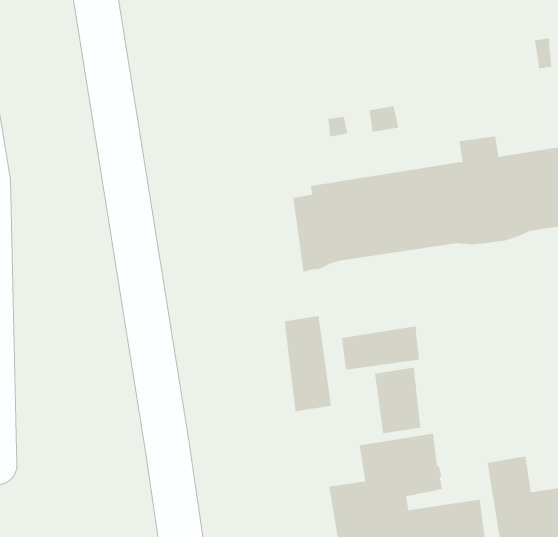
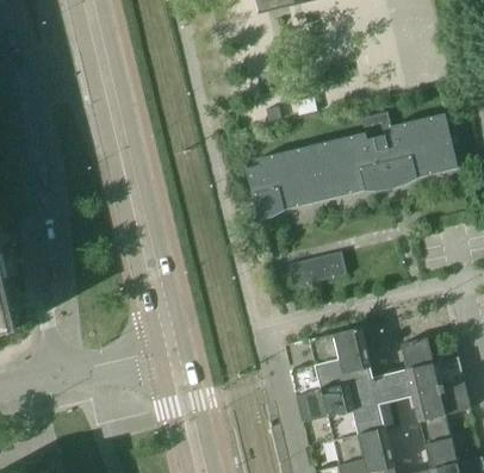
building: [284,315,332,412] -> none
building: [374,367,421,434] -> none

